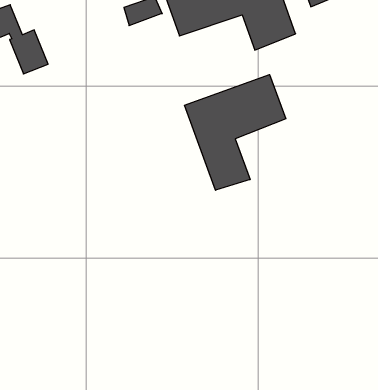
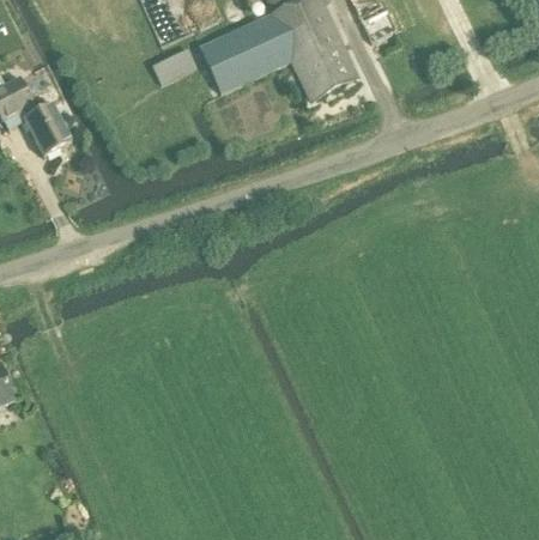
building: [185,75,286,190] -> none

